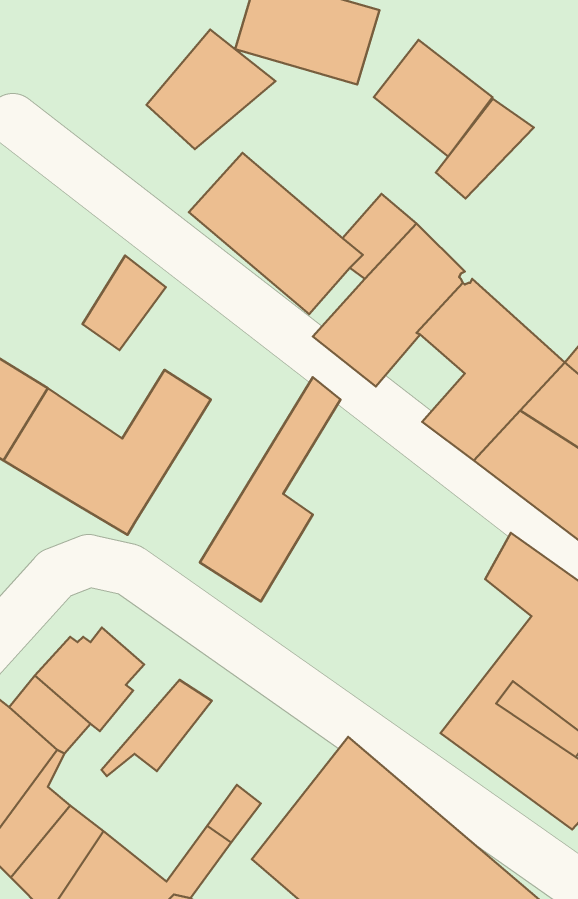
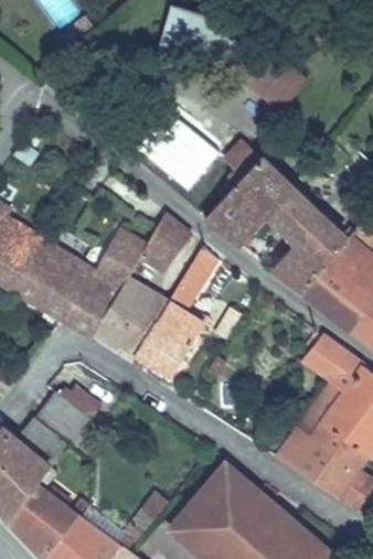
building: [146,29,276,149] -> none
building: [436,99,534,198] -> none
building: [83,256,166,350] -> [141,216,191,272]
building: none -> [96,280,166,354]
building: [102,680,212,776] -> none

